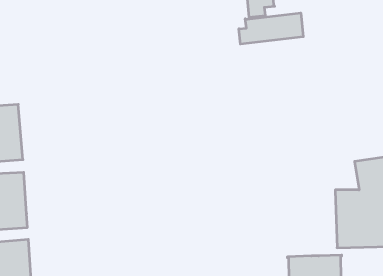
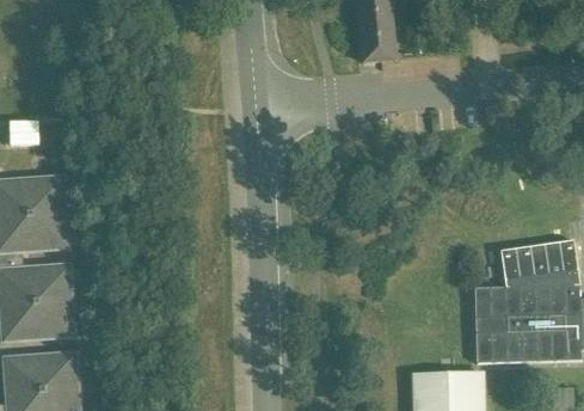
building: [239,13,303,44] -> none

